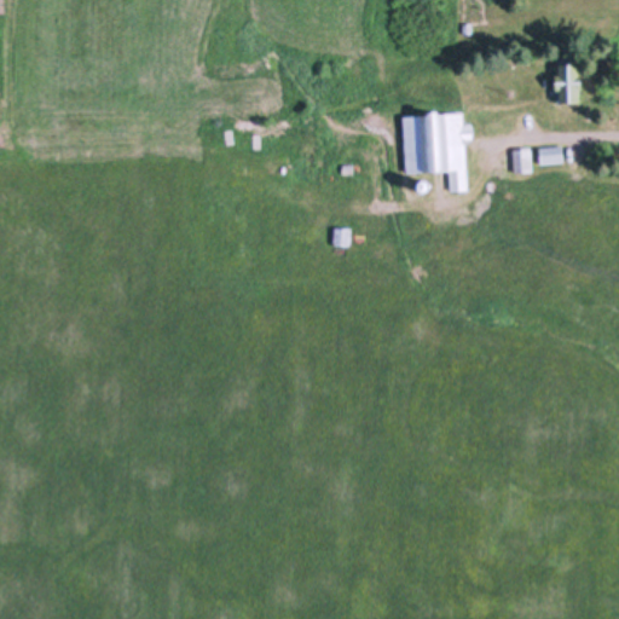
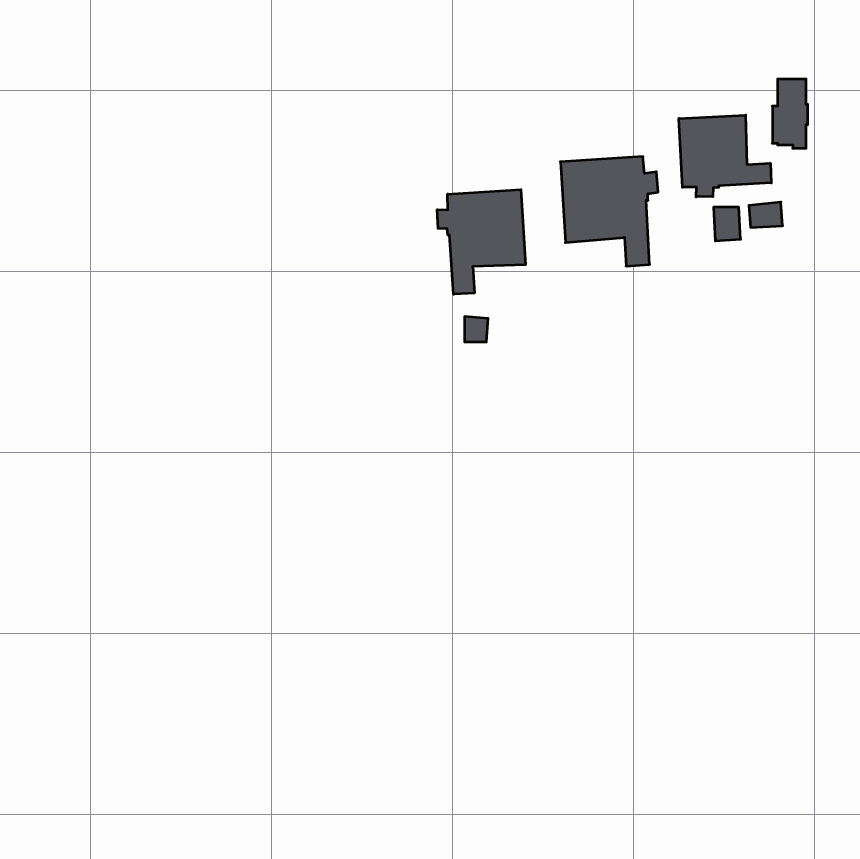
building: none -> [679,115,771,197]
building: none -> [437,190,525,294]

